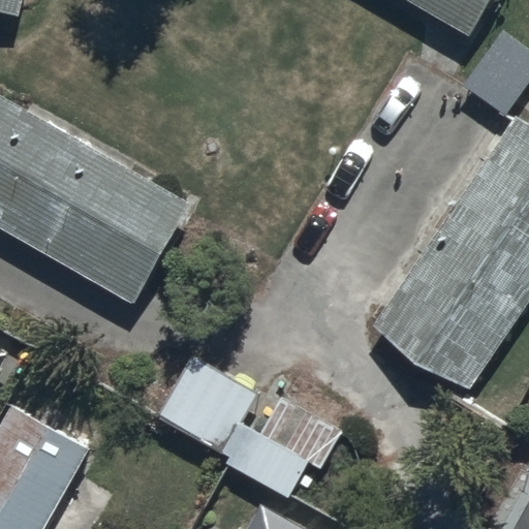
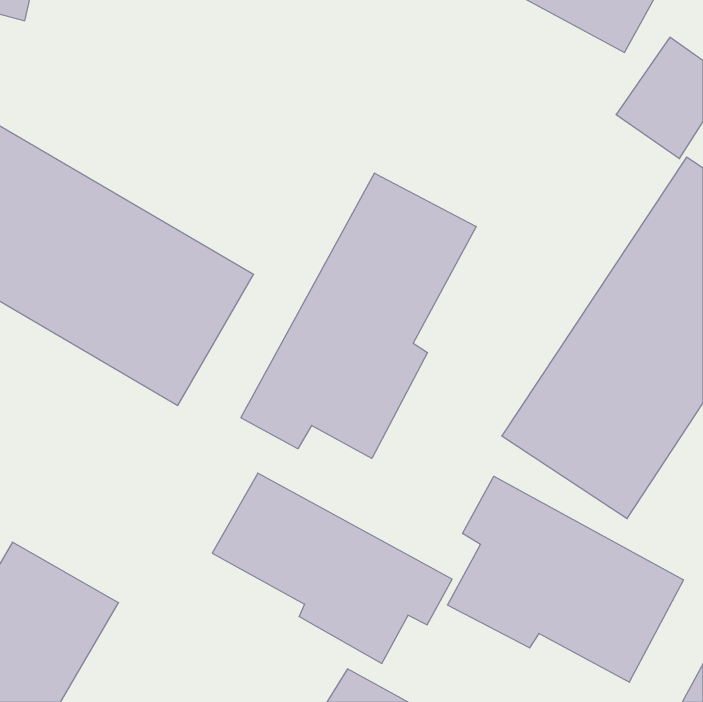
building: none -> [241,173,476,458]
building: none -> [447,476,683,682]

